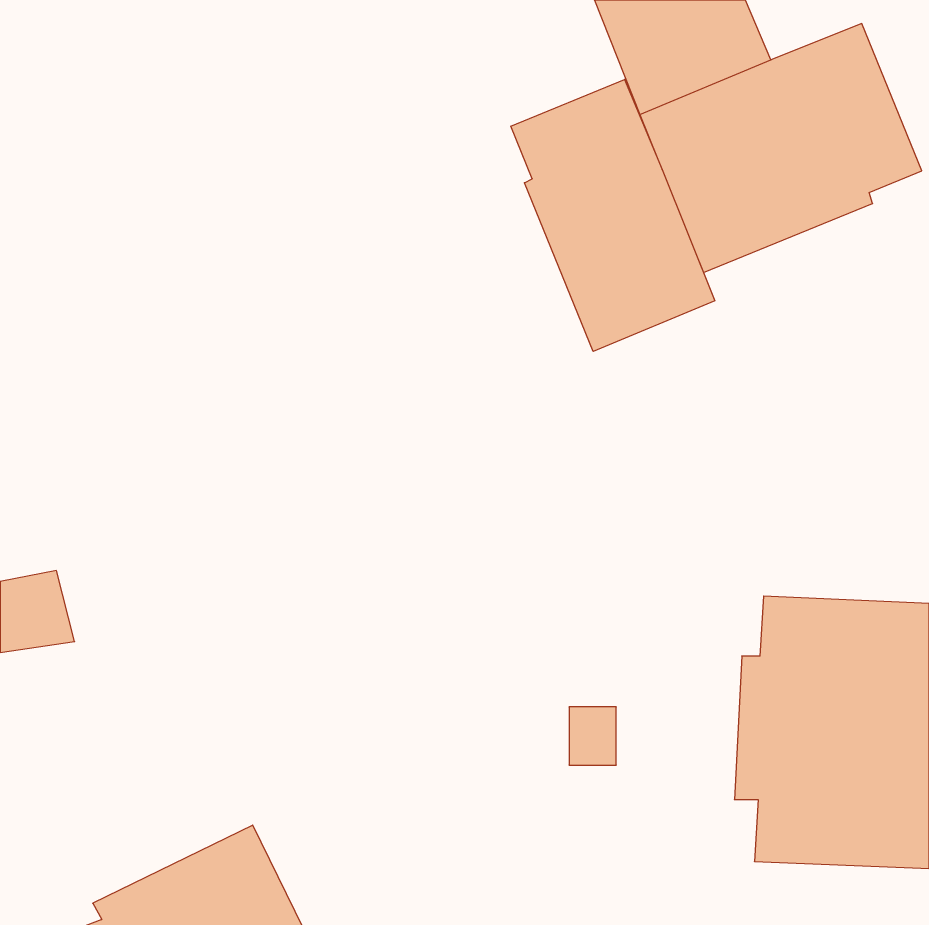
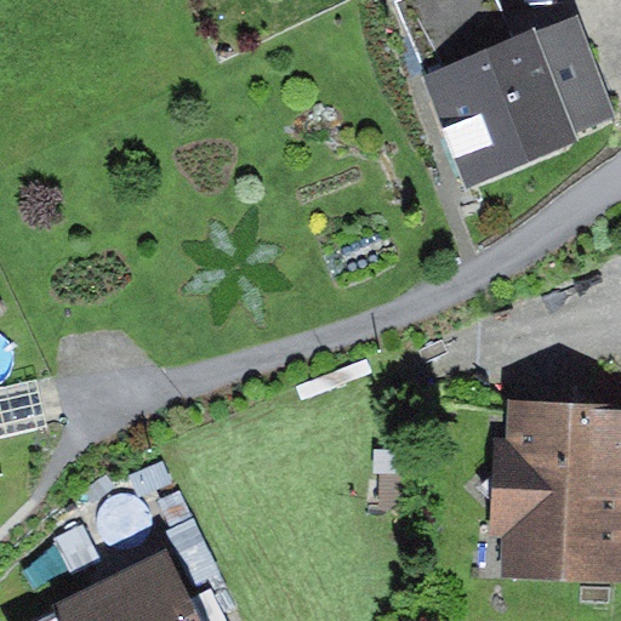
building: [511,79,715,351] -> none

